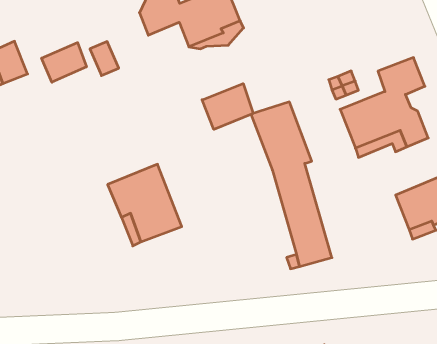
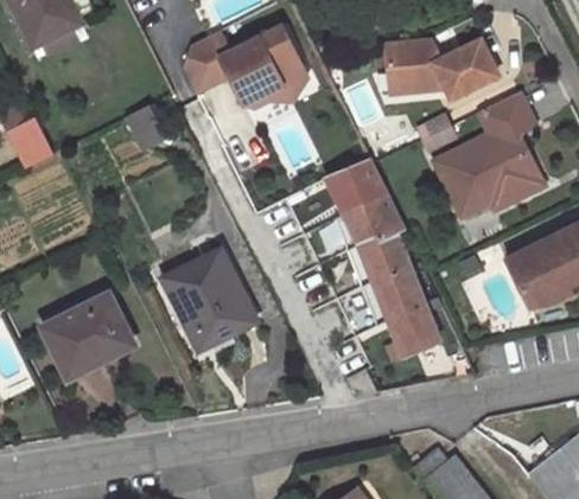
building: none -> [388,39,500,98]
building: [42,43,86,82] -> none
building: [202,84,253,129] -> none
building: none -> [42,294,133,378]

